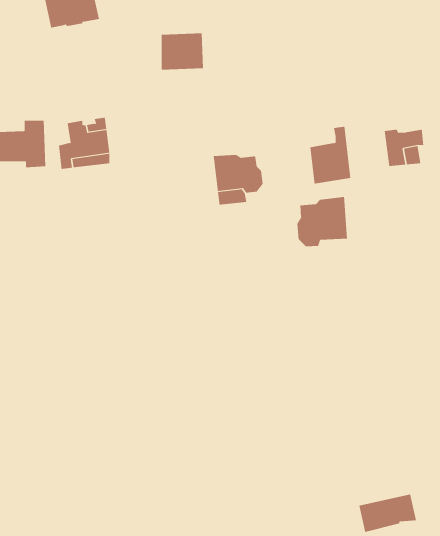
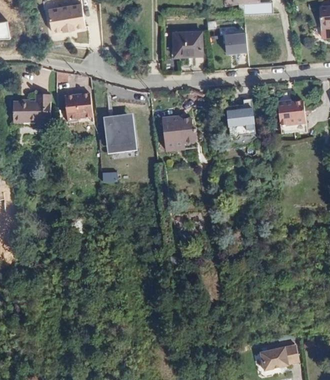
building: none -> [225,31,248,52]
building: [161,33,204,70] -> [173,31,202,56]
building: none -> [105,121,135,152]
building: [297,196,347,247] -> none

